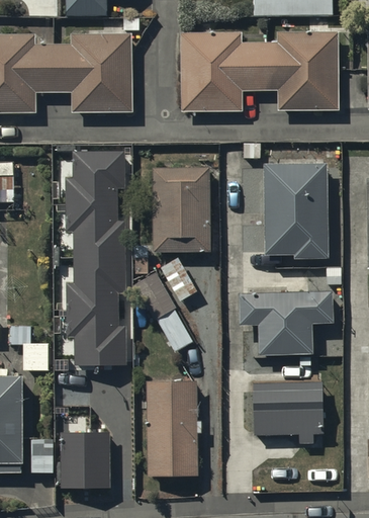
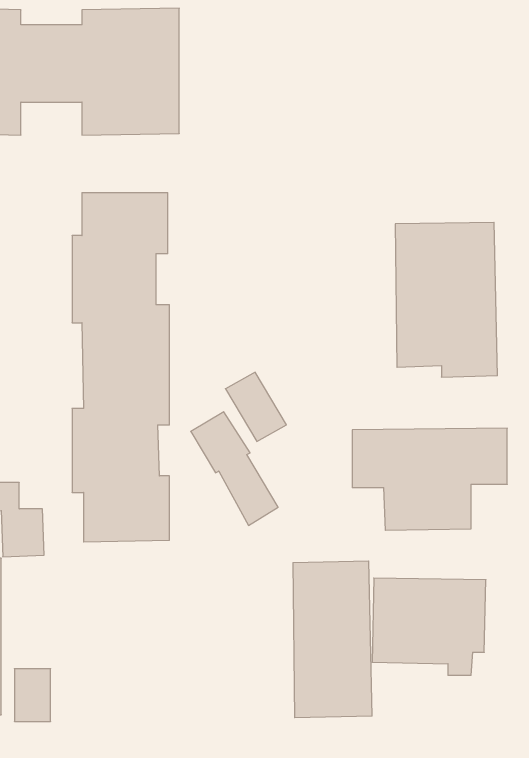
building: [181,32,340,109] -> none
building: [152,167,209,252] -> none
building: [148,379,196,476] -> [293,561,372,718]
building: [61,427,110,484] -> none

